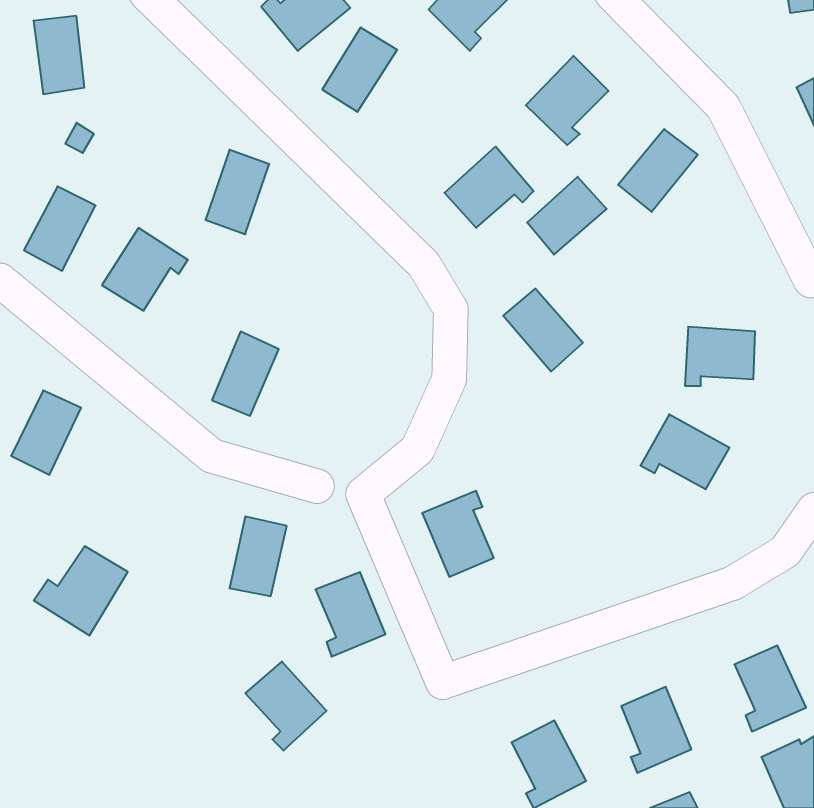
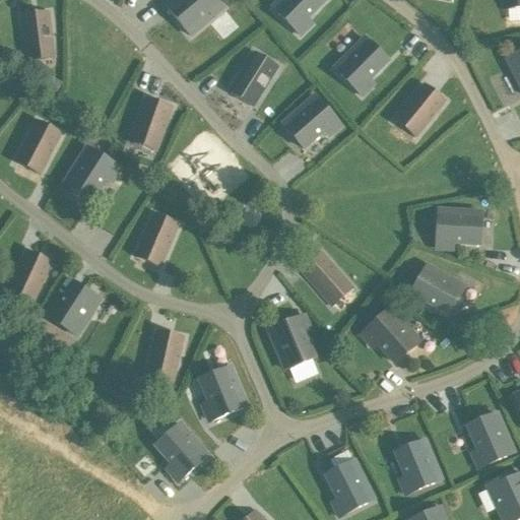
building: [322,27,397,112] -> [230,51,277,105]
building: [527,177,607,255] -> none
building: [503,289,583,371] -> [302,252,352,305]
building: none -> [363,309,420,363]
building: [34,546,128,635] -> [42,282,102,339]

